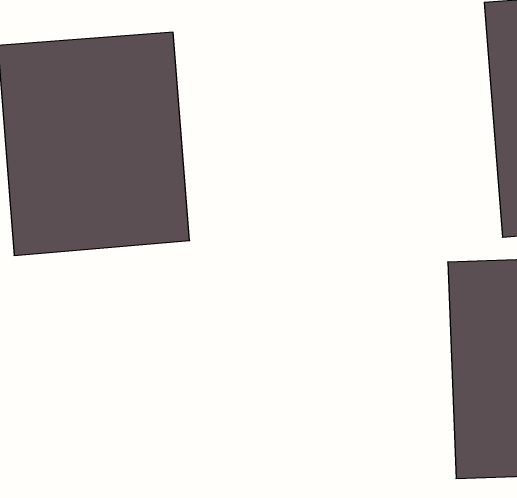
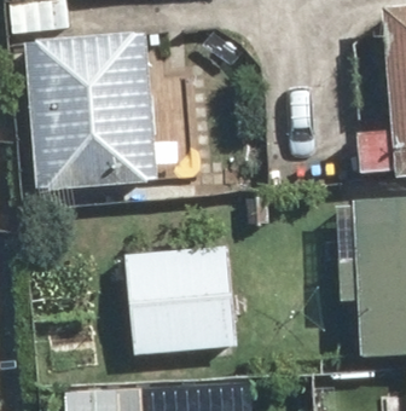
building: none -> [117,242,232,354]

